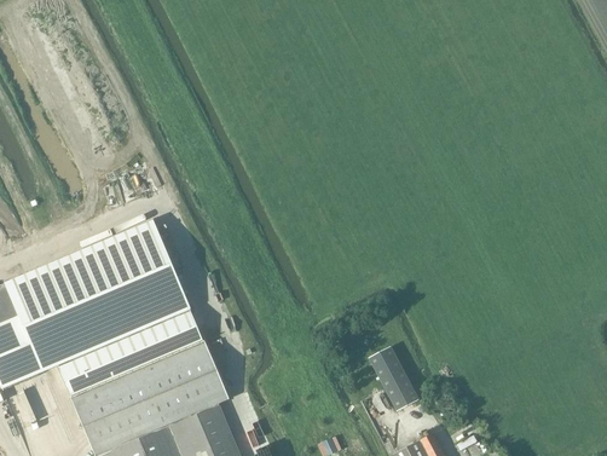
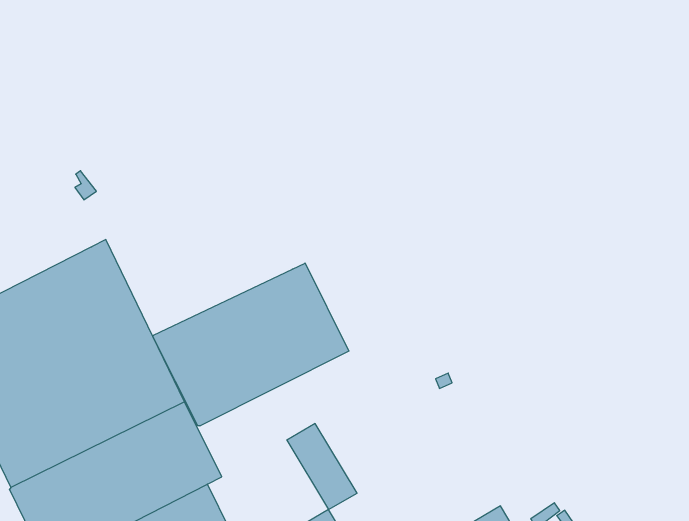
building: none -> [153,263,349,426]
building: [370,347,420,411] -> [287,424,357,510]

